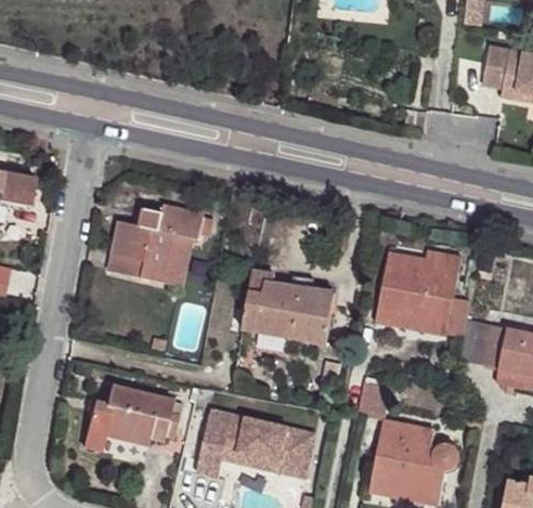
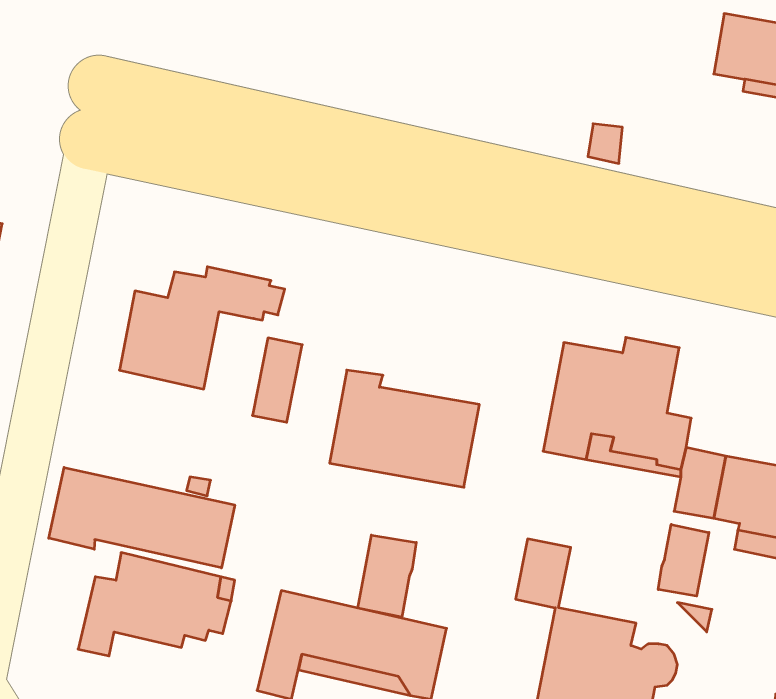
building: [162,233,194,286] -> [252,338,302,422]
building: none -> [49,467,235,568]
building: none -> [658,524,709,596]
building: none -> [358,535,416,617]

